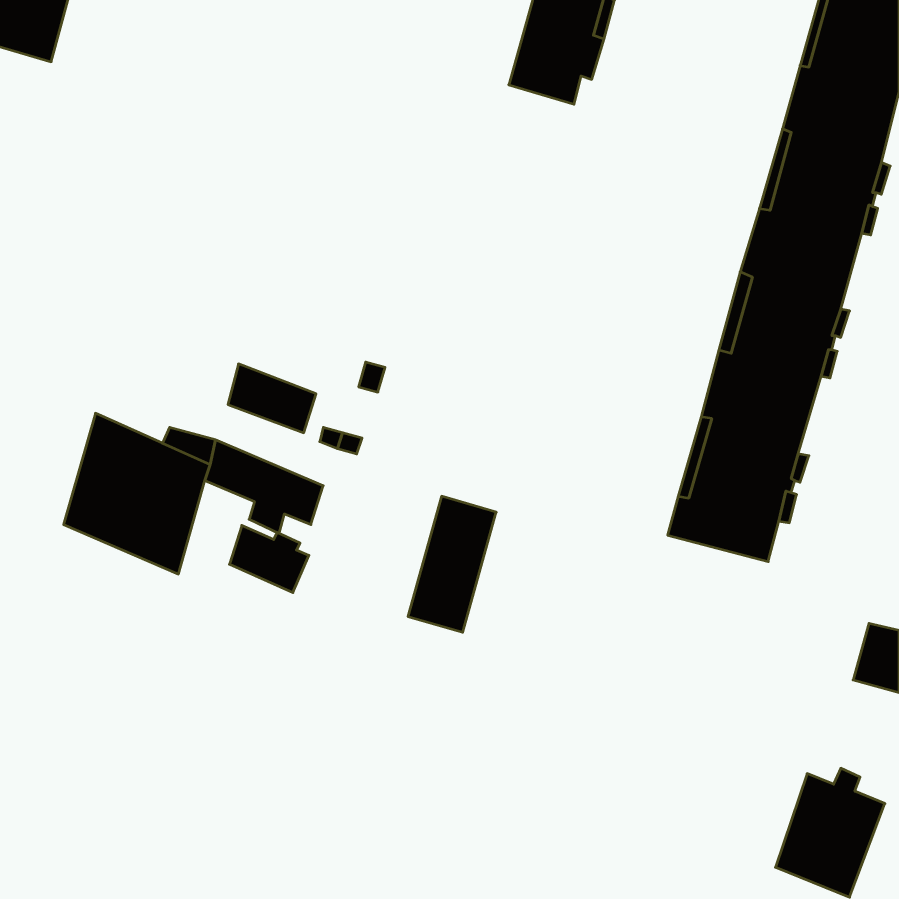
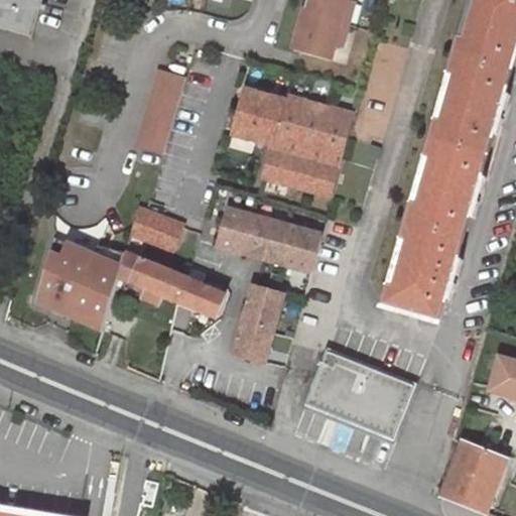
building: none -> [136,68,183,152]
building: none -> [230,89,350,195]
building: none -> [217,210,319,271]
building: [229,525,309,593] -> [177,277,223,315]
building: none -> [304,352,413,439]

